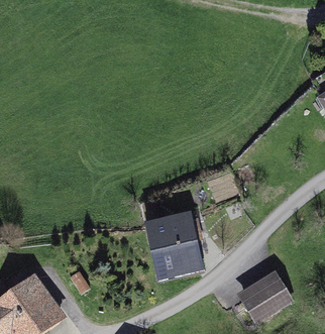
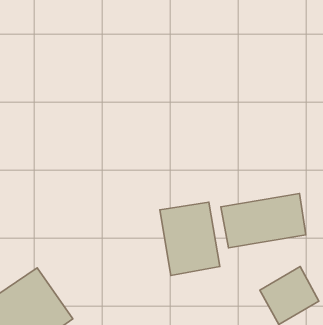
building: none -> [221,194,306,248]

